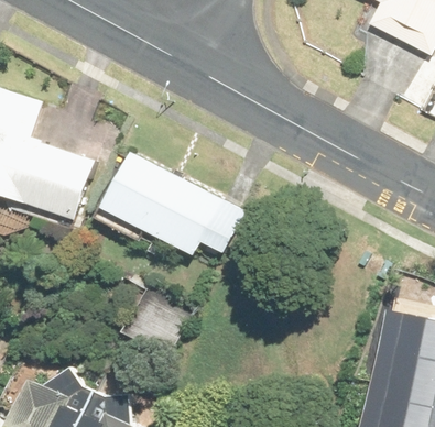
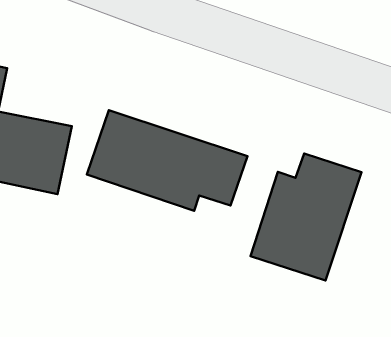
building: none -> [250,154,361,281]

